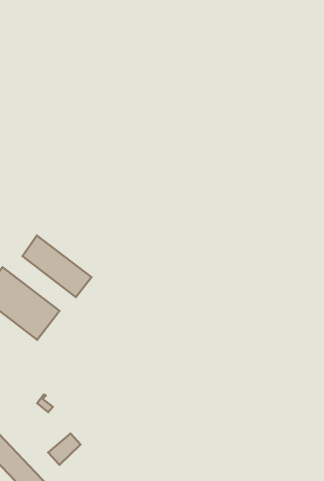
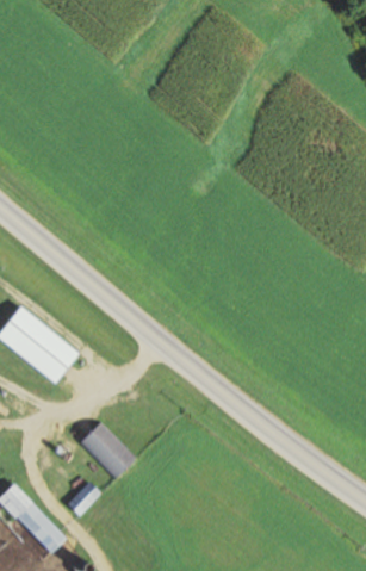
building: [22,235,91,297] -> none
building: none -> [80,421,137,479]

